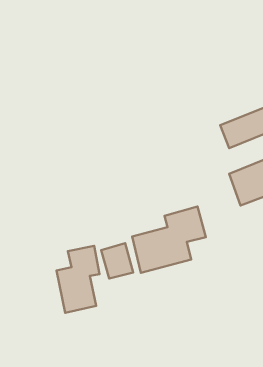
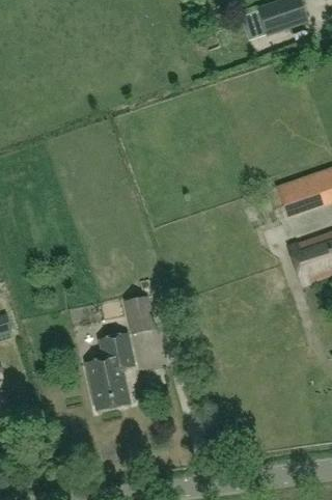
building: [132,206,206,273] -> none
building: none -> [123,296,156,334]

